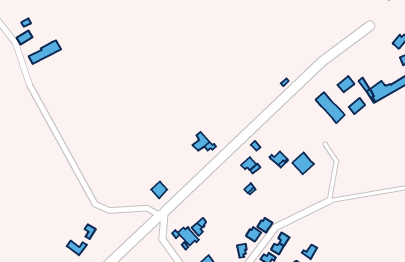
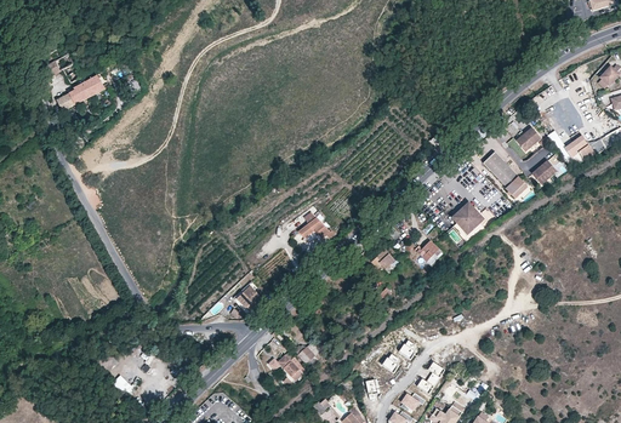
building: [292,152,314,174] -> [451,201,484,234]

